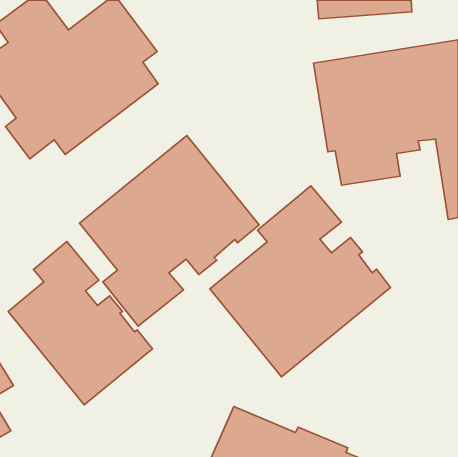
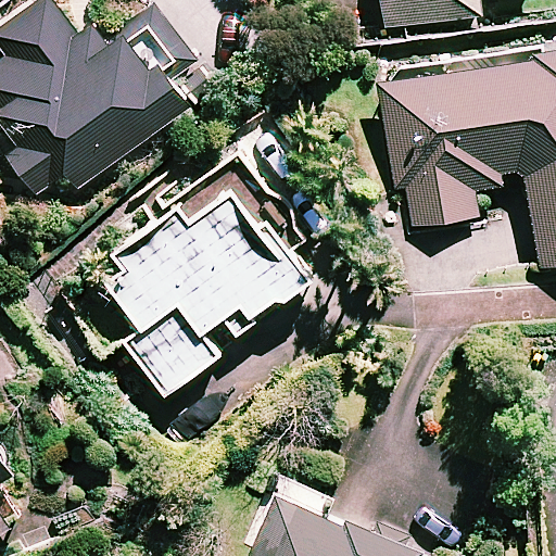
building: [210,186,391,377] -> none
building: [8,242,152,405] -> none

